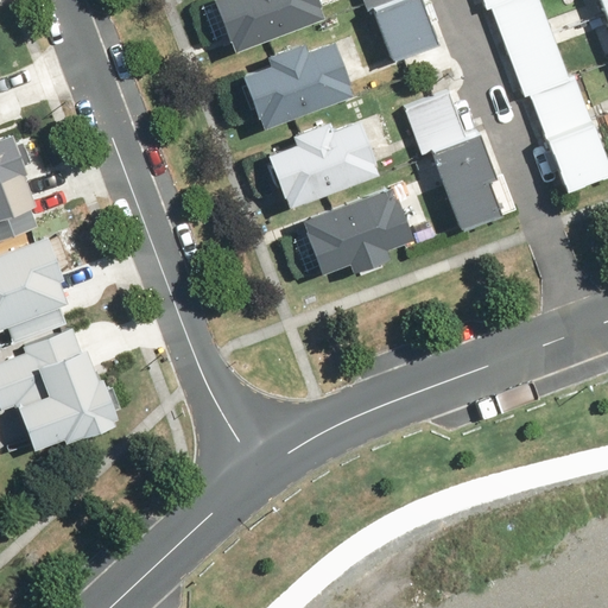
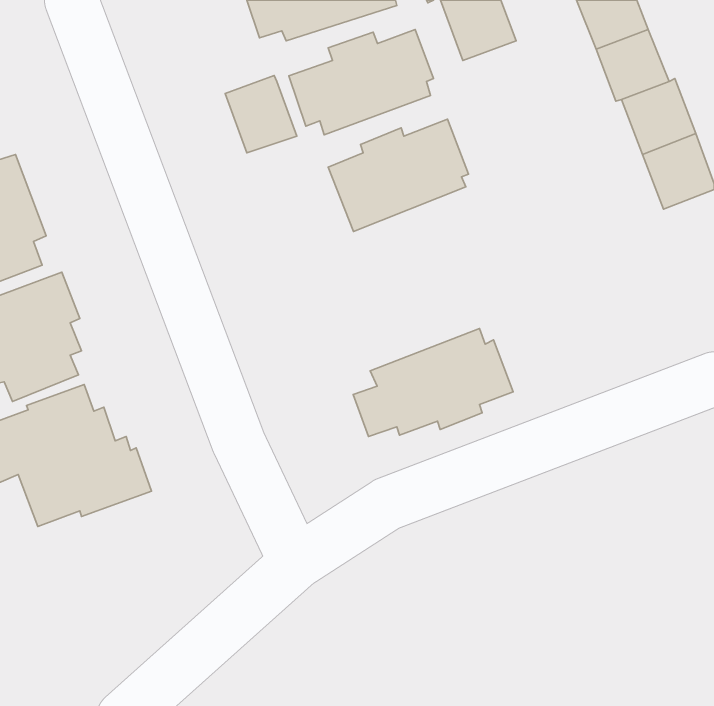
building: none -> [225,76,297,153]
building: [404,91,502,229] -> none
building: [292,182,428,273] -> [353,329,513,437]

